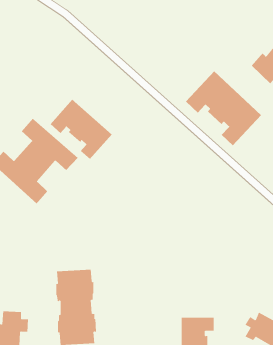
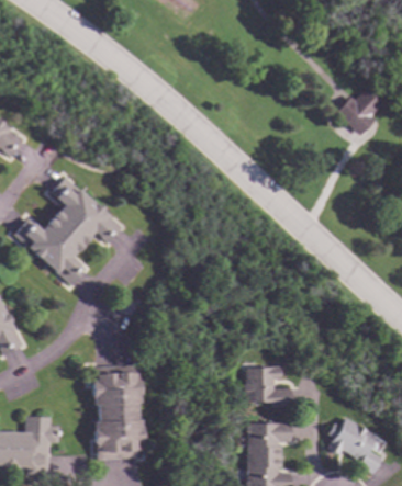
building: [185,70,262,146] -> none
building: [50,99,112,160] -> none
building: none -> [244,366,291,407]

